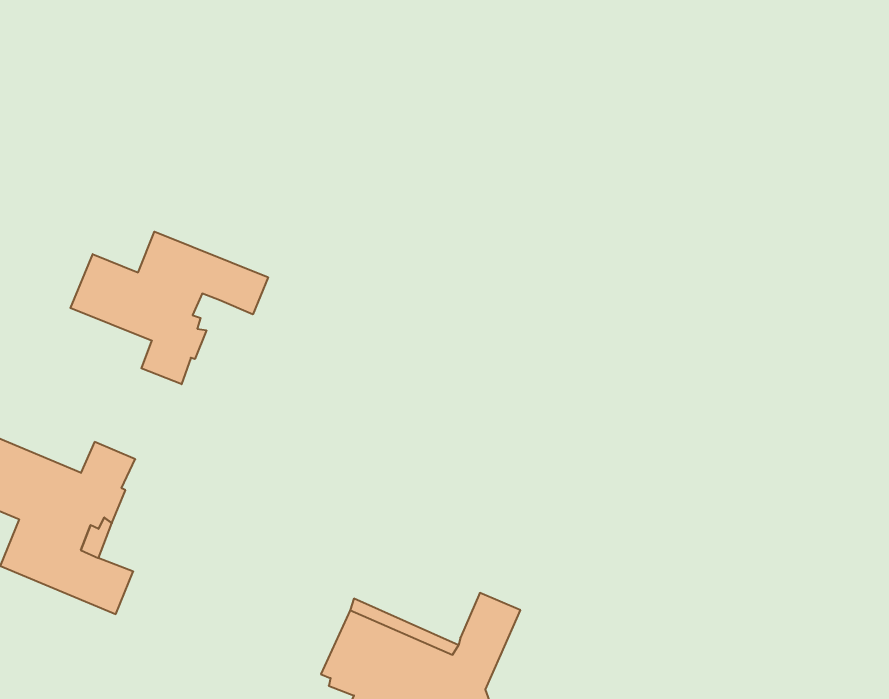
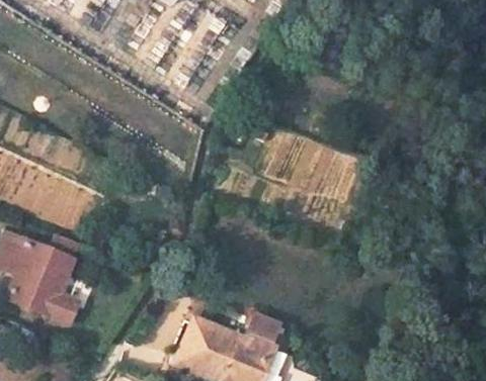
building: [70,232,268,384] -> none

